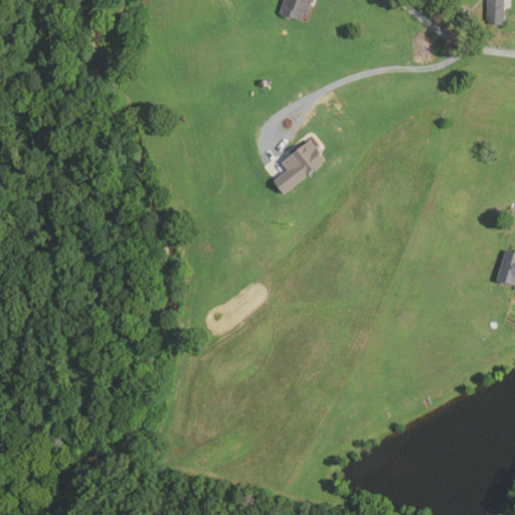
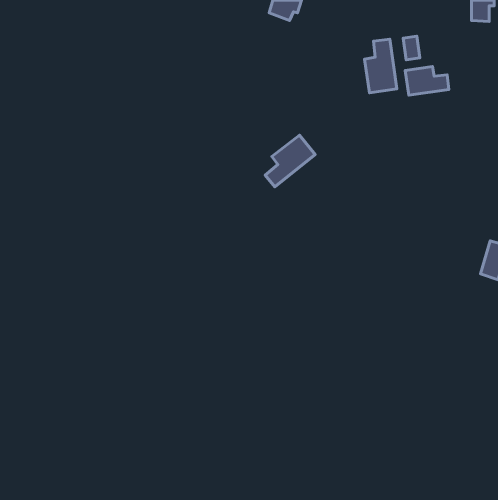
building: none -> [365,39,397,93]
building: none -> [405,67,449,95]

